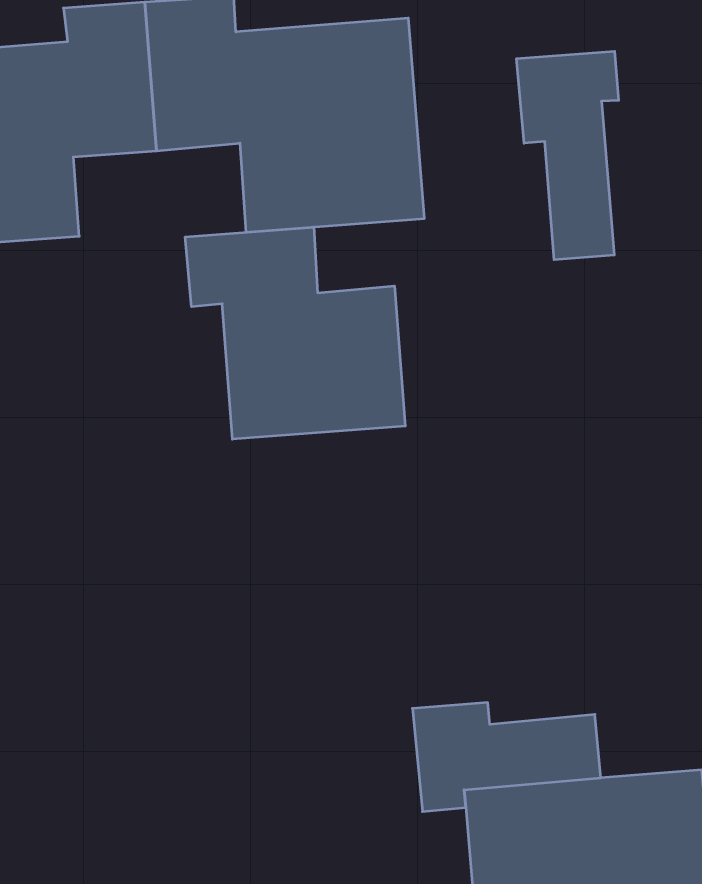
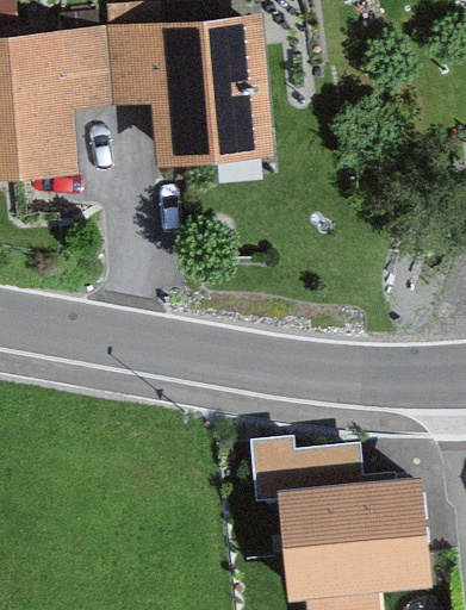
building: [517,51,619,260] -> none
building: [185,227,405,439] -> none

